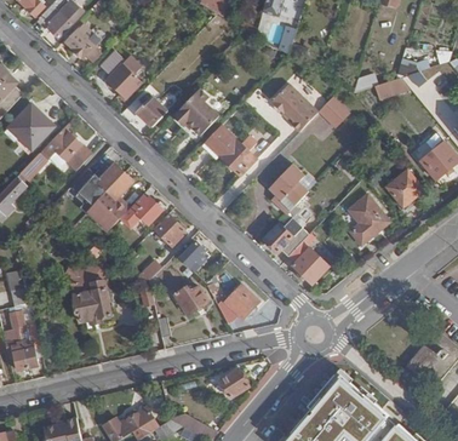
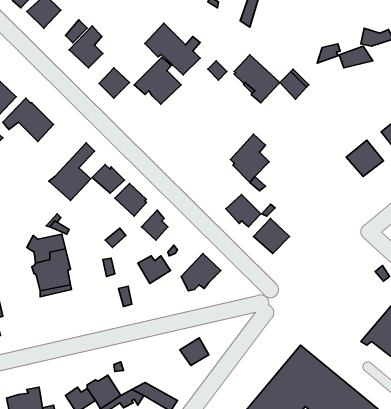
building: [201,125,257,177] -> [145,23,200,75]
building: [71,164,124,206] -> none
building: [349,195,389,245] -> none

